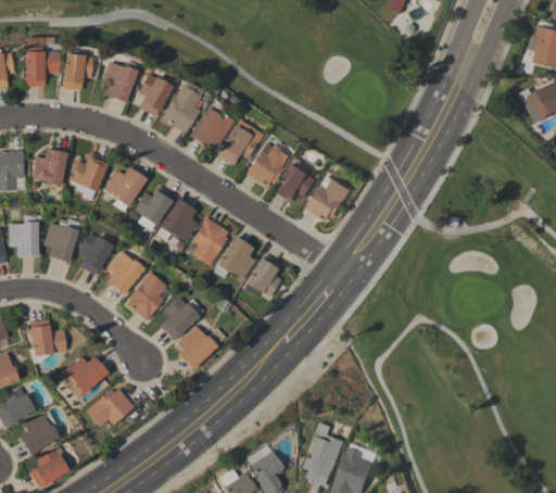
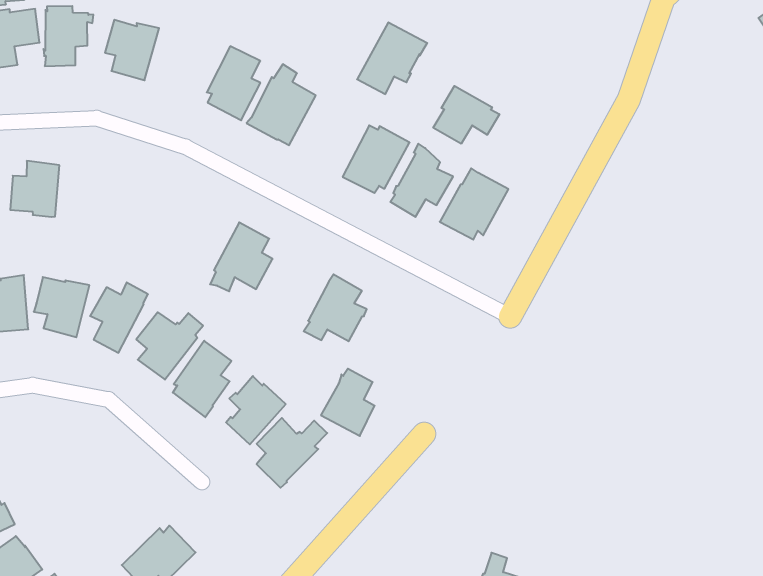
building: [137,69,175,115] -> none
building: [216,119,263,165] -> [357,22,427,94]
building: none -> [433,86,499,144]
building: [72,152,109,191] -> none
building: [104,166,147,211] -> none
building: [134,186,174,230] -> none
building: [191,216,228,265] -> none
building: [245,254,280,298] -> [321,369,375,436]
building: [30,318,67,355] -> none
building: [64,356,109,394] -> none

